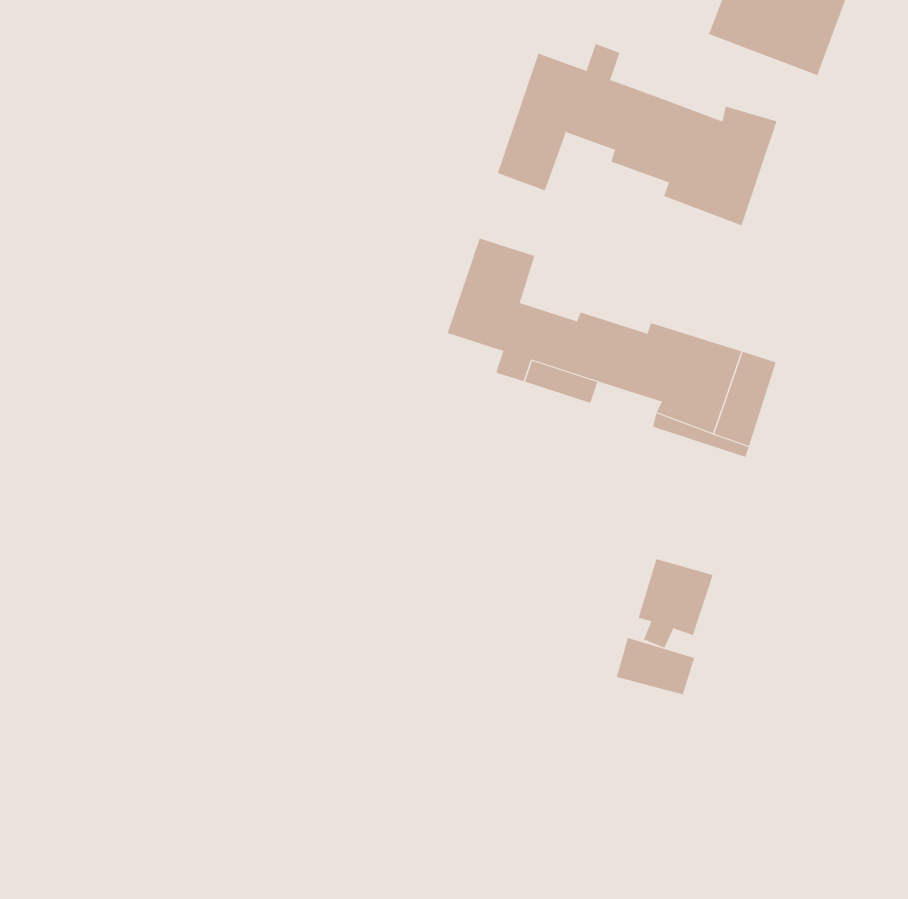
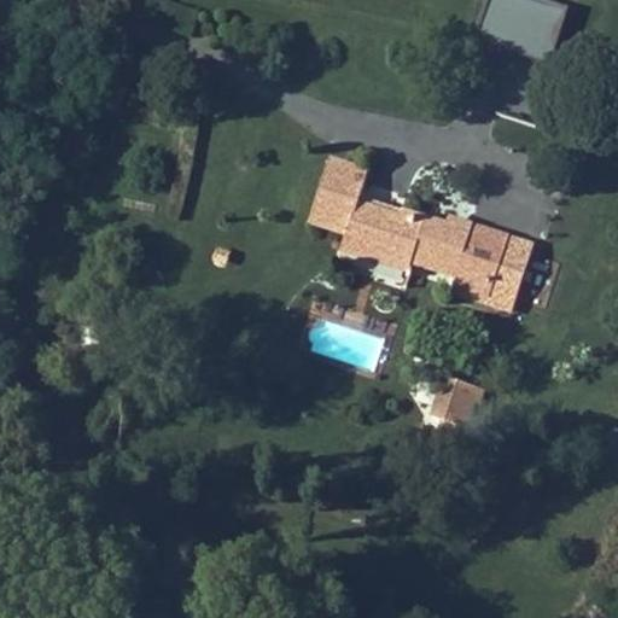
building: [497,43,777,226] -> none
building: [616,637,695,695] -> none

